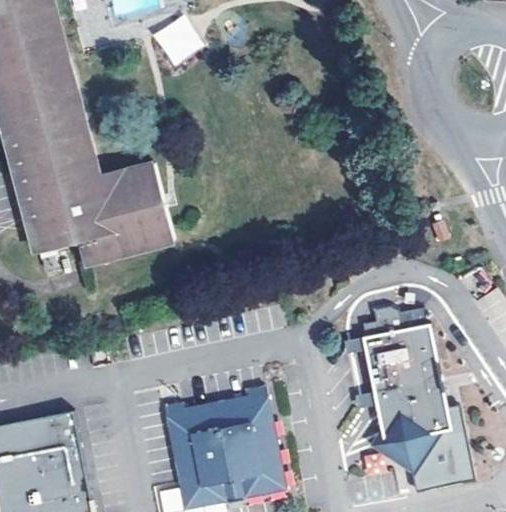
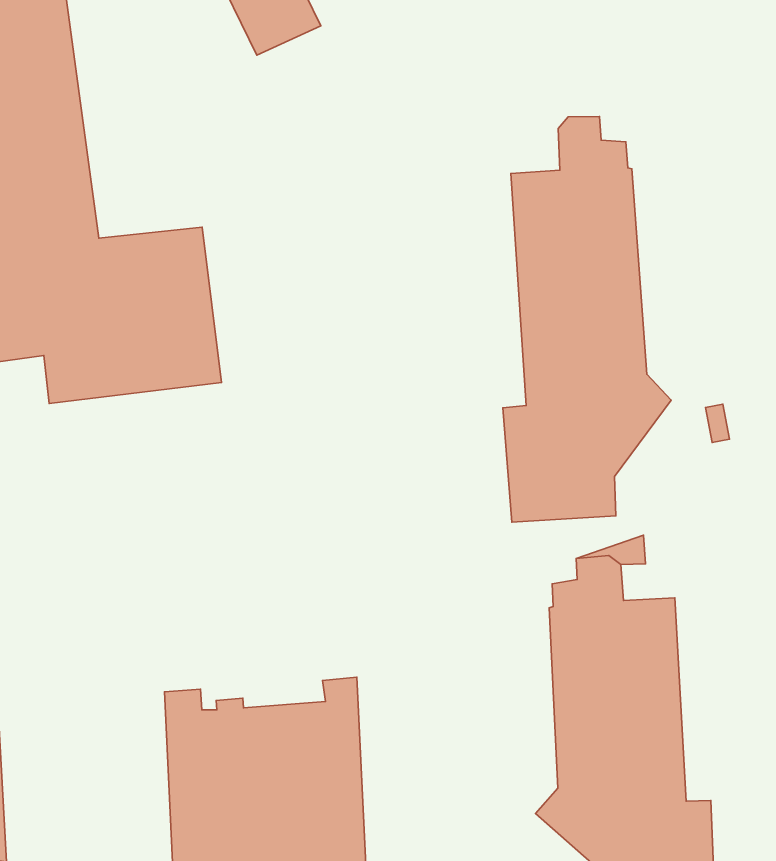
building: none -> [503,116,671,522]

